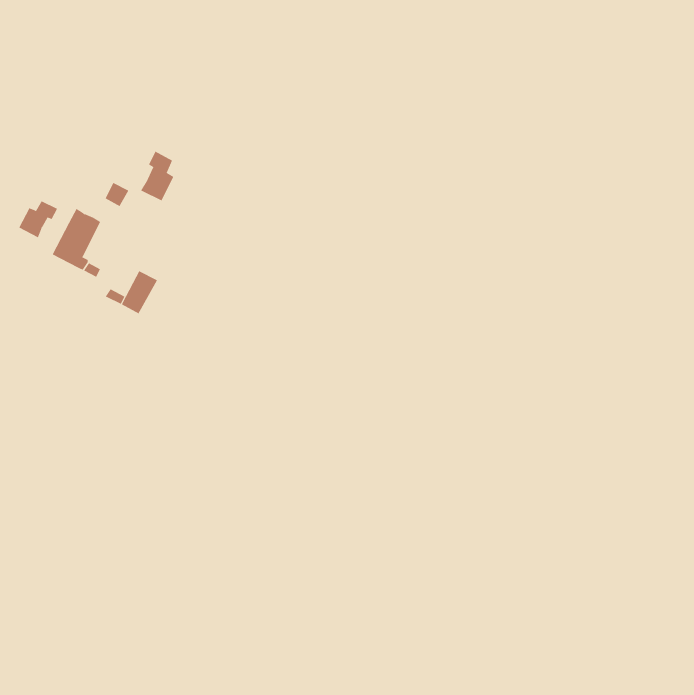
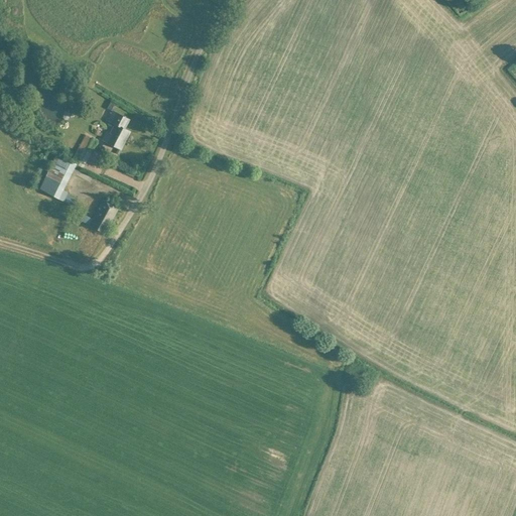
building: [18,201,58,238] -> none

